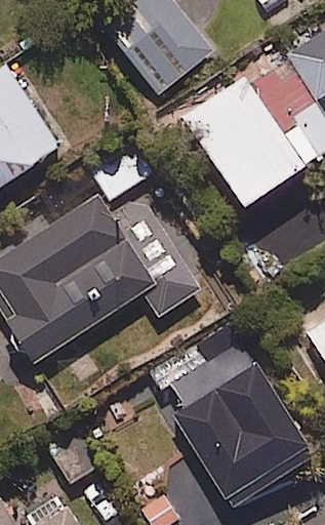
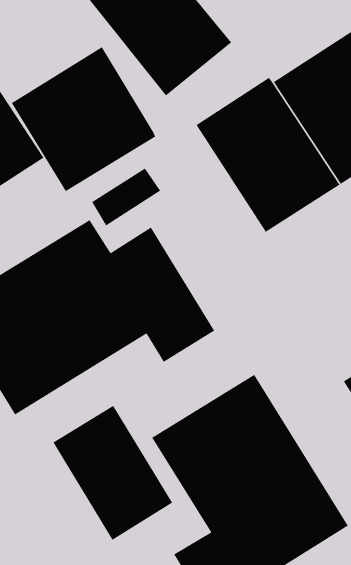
building: none -> [11,46,156,192]
building: none -> [53,405,173,541]

